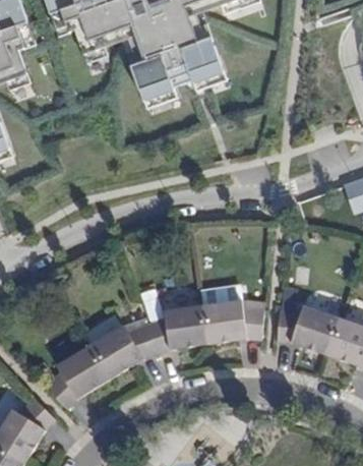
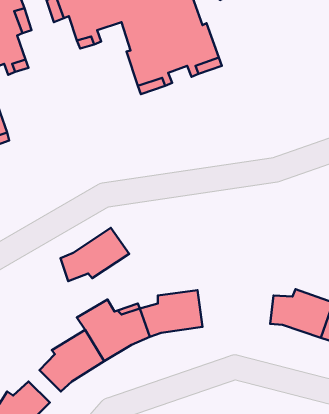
building: none -> [61,228,129,281]
building: [202,300,263,342] -> none

